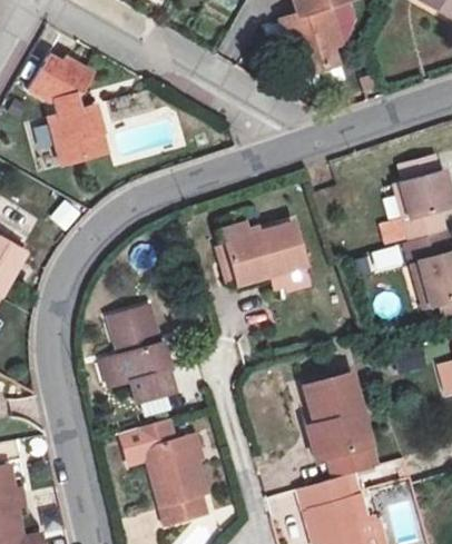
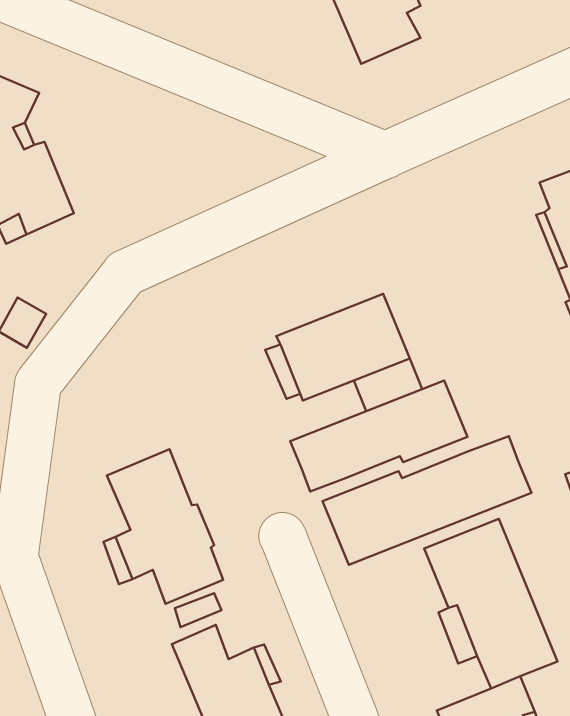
building: none -> [290,381,467,491]
building: none -> [322,436,531,565]

